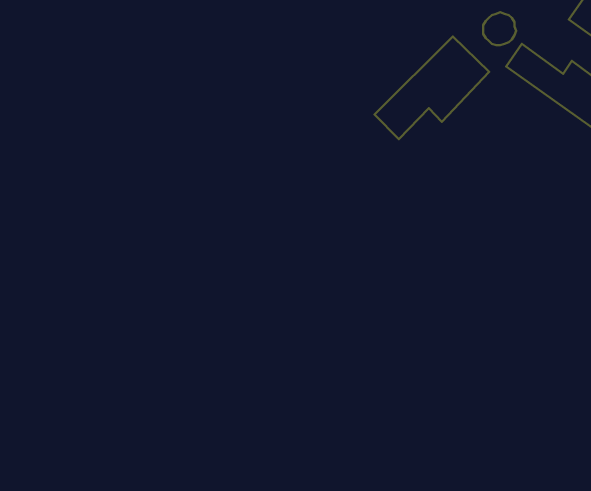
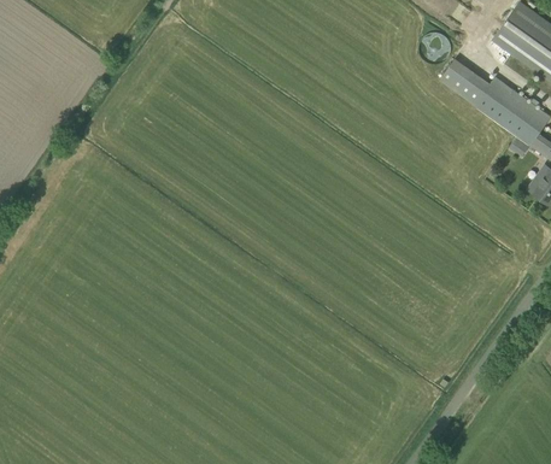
building: [375,36,489,139] -> none

